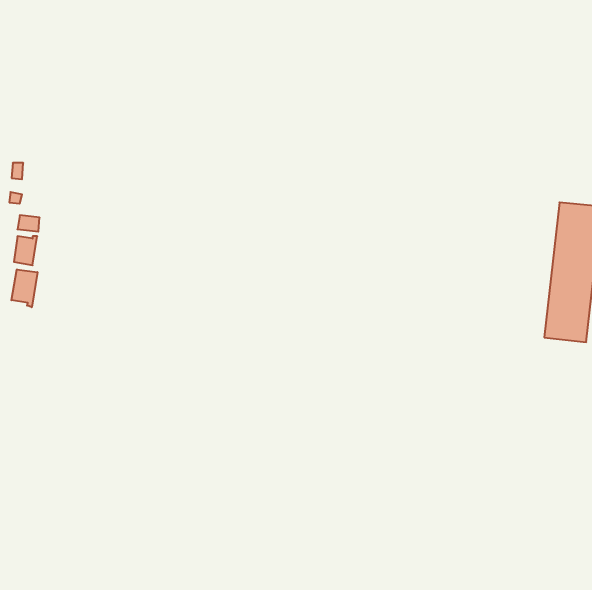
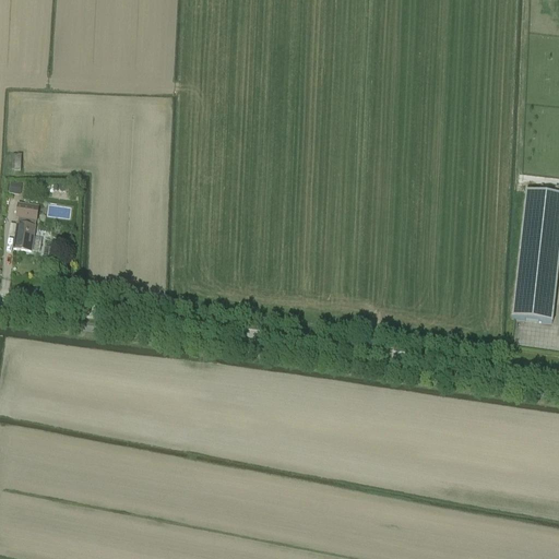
building: [11,269,37,307] -> none

